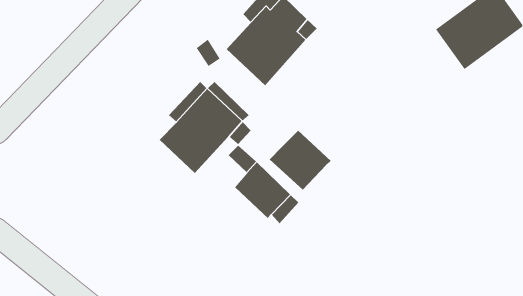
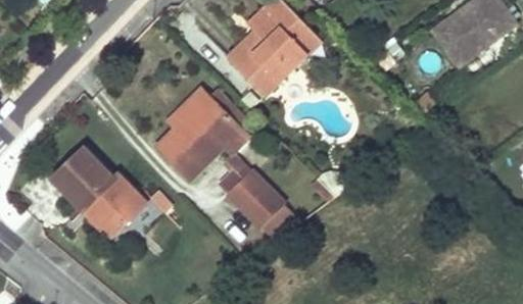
building: [269,130,331,190] -> none
building: none -> [54,152,147,233]

